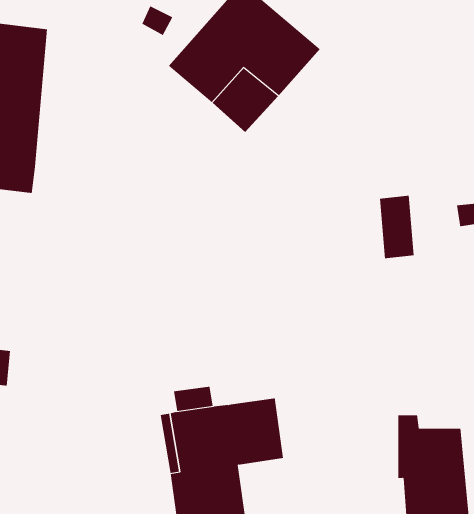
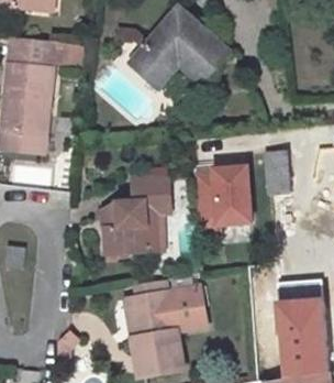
building: none -> [190,161,246,227]
building: none -> [103,174,167,249]

